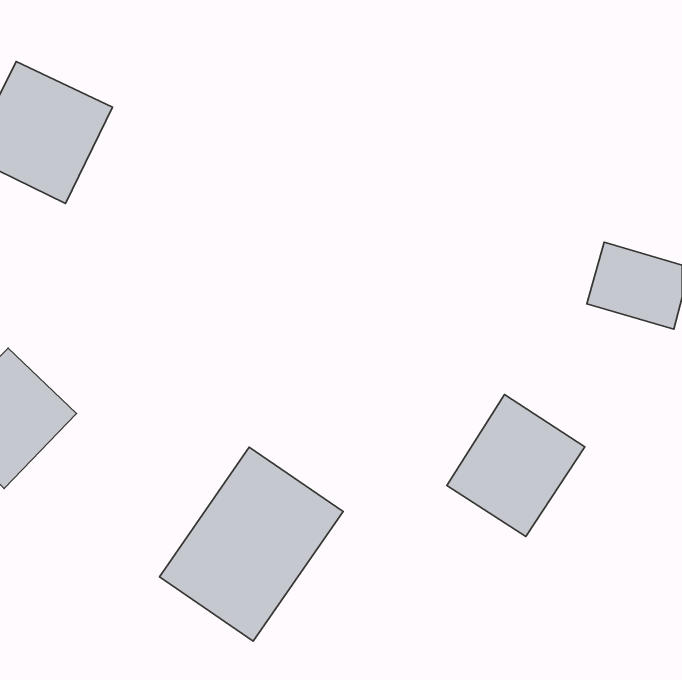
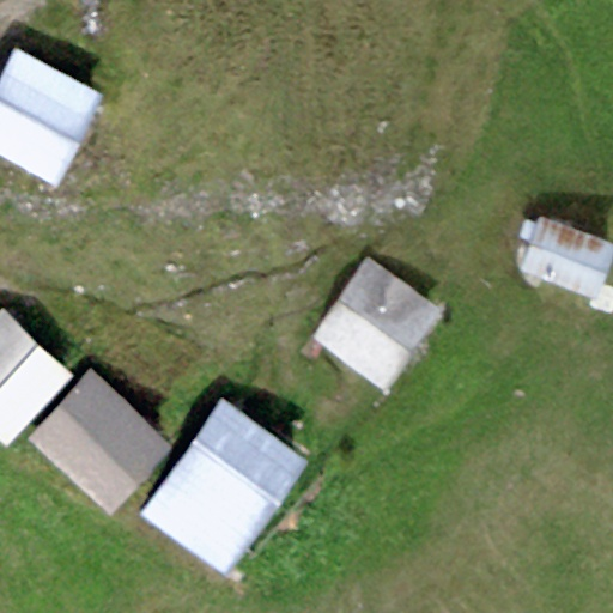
building: [447,395,585,537] -> [314,263,437,390]
building: none -> [34,375,170,509]

